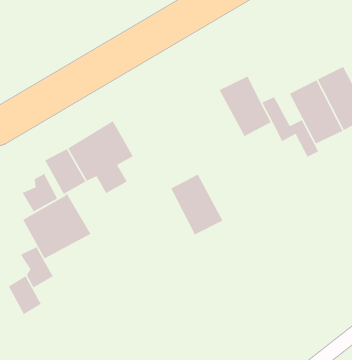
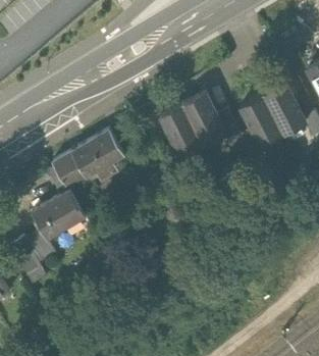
building: [22,173,58,213] -> none
building: [170,174,224,235] -> [162,100,207,152]

